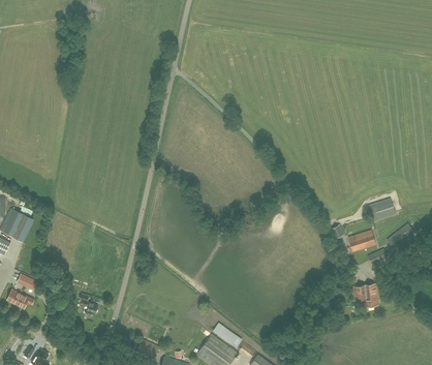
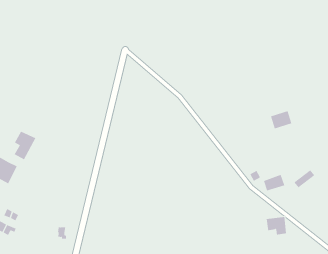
building: none -> [14,131,36,160]
building: [368,197,396,221] -> [270,110,292,129]

